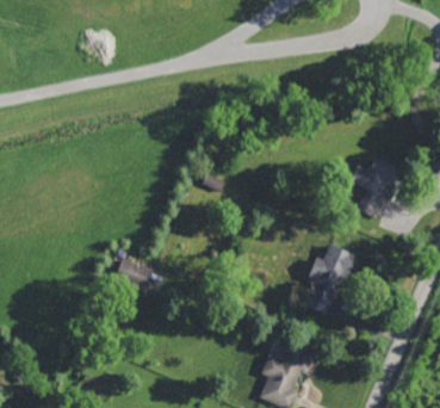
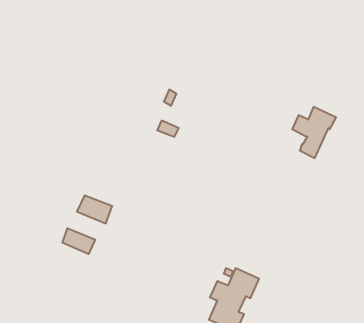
building: [304,241,358,314] -> none
building: none -> [62,228,95,254]

